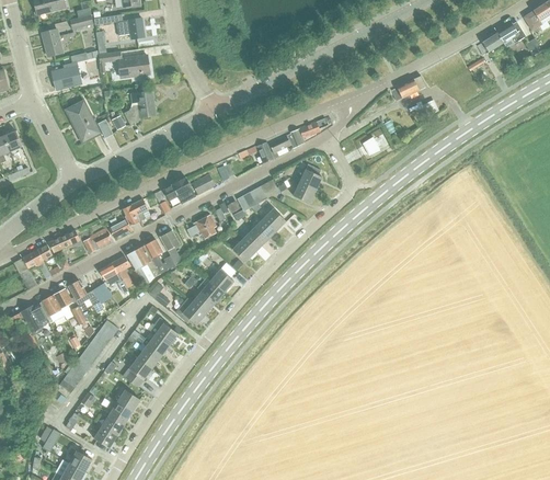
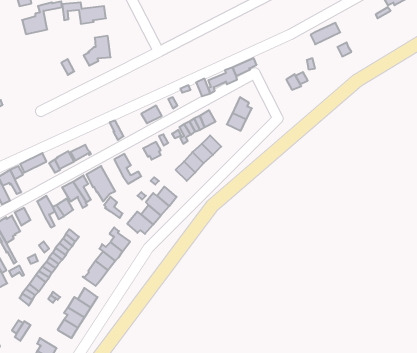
building: [65,101,99,141] -> none
building: [162,176,195,207] -> none
building: [122,198,150,226] -> none
building: [144,239,175,274] -> none
building: [53,287,85,322] -> none

